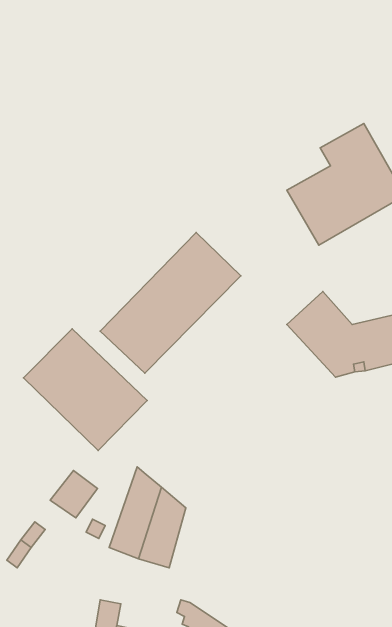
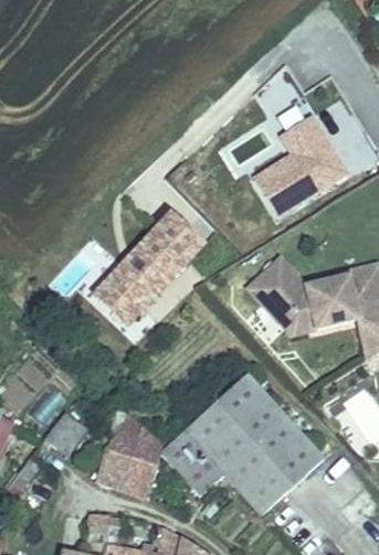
building: [23,329,147,451] -> none
building: none -> [162,374,324,513]

